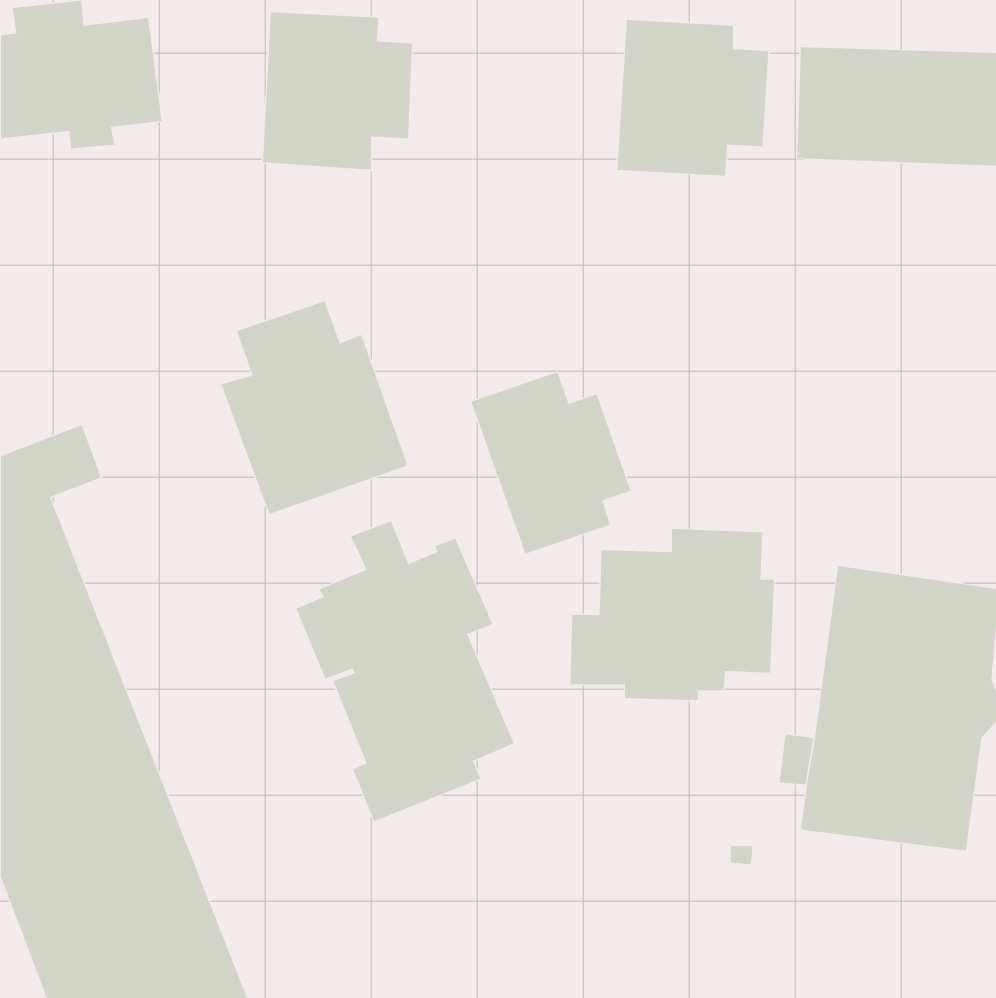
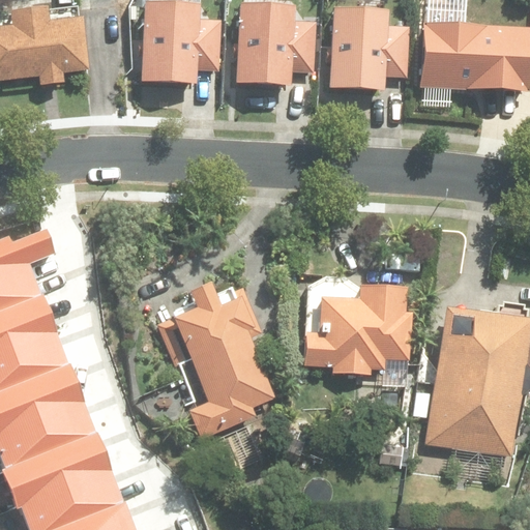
building: none -> [237,7,317,91]
building: [221,301,408,515] -> none
building: [470,371,631,554] -> none

